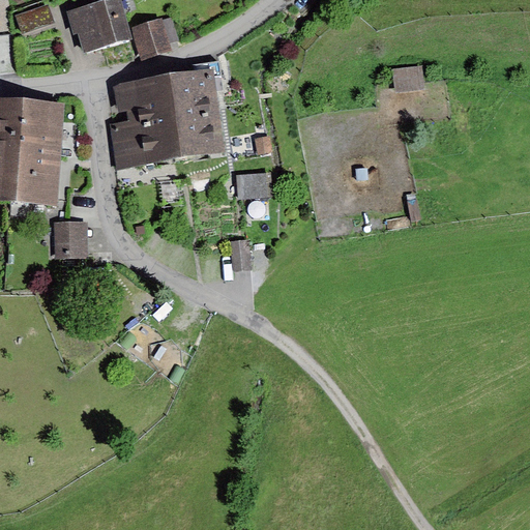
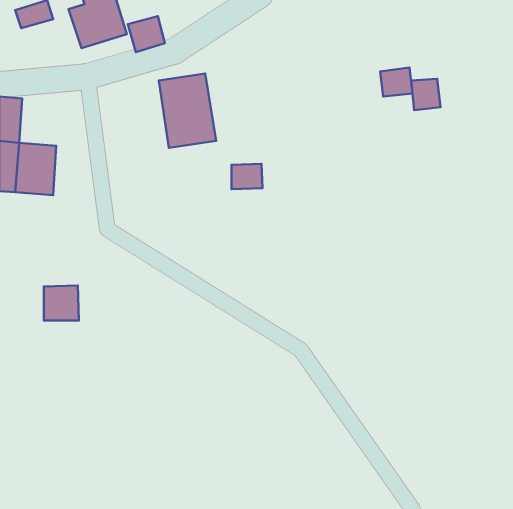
building: none -> [411,79,441,110]
building: [111,83,174,161] -> none
building: [20,101,61,150] -> none
building: [53,225,89,261] -> [44,285,79,321]

